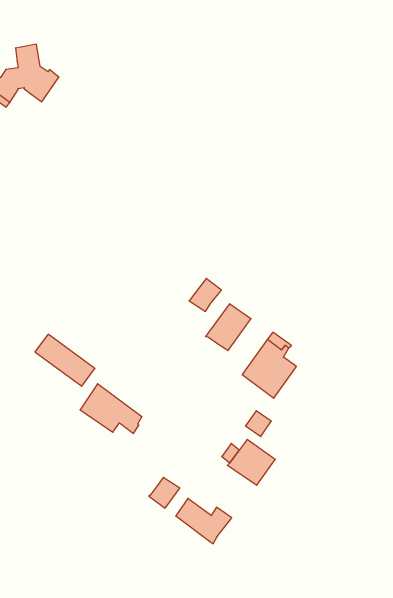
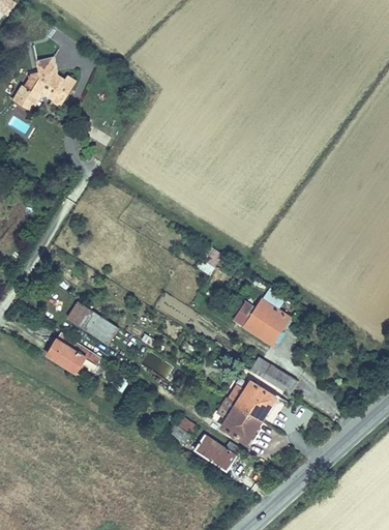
building: [206,304,251,351] -> none
building: [80,384,142,433] -> [47,331,99,372]
building: none -> [262,364,297,394]
building: none -> [220,404,261,442]

